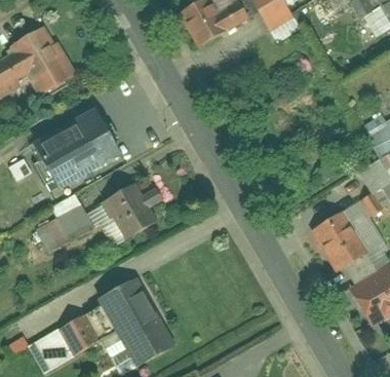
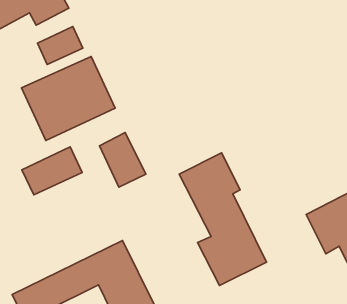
building: none -> [38,26,83,65]
building: none -> [179,153,266,285]

